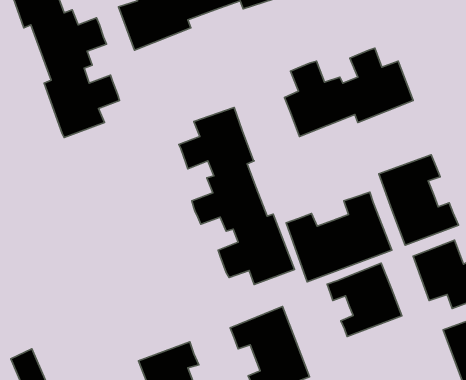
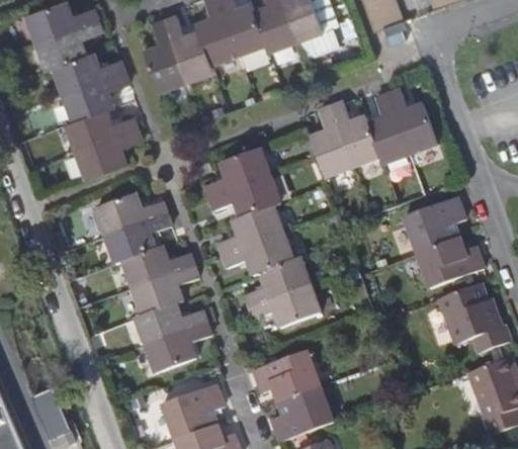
building: none -> [95,195,210,374]
building: [286,192,392,282] -> none
building: [327,263,402,336] -> none

